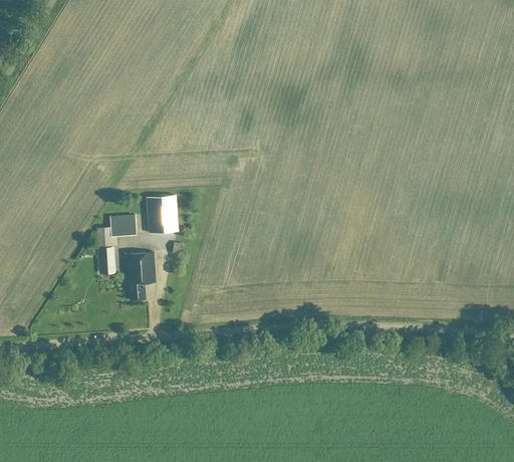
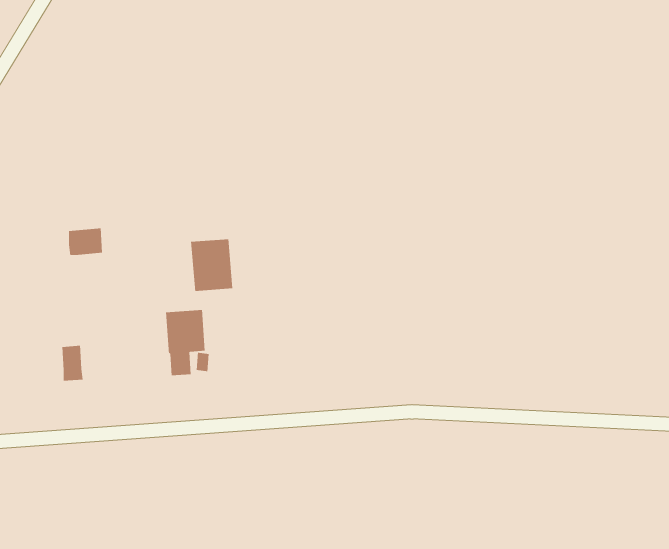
building: [112,214,138,234] -> [68,228,103,256]
building: [99,246,115,272] -> [61,345,84,381]

